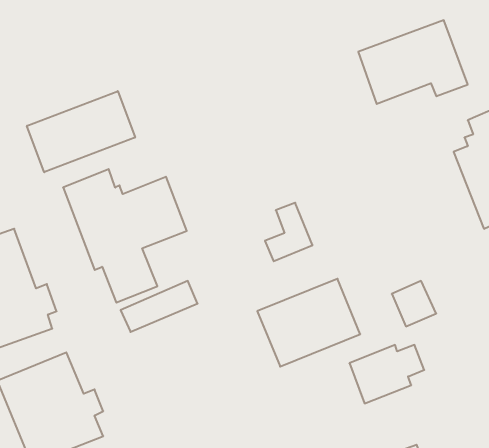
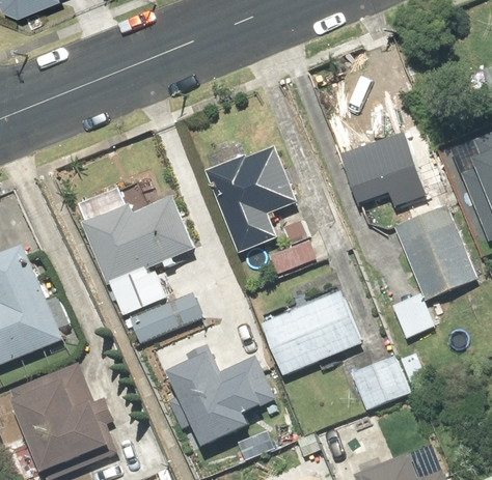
building: [358,20,468,104] -> [339,122,444,202]
building: [27,91,135,172] -> none
building: none -> [203,146,296,254]
building: none -> [385,200,473,300]
building: none -> [171,350,273,443]

